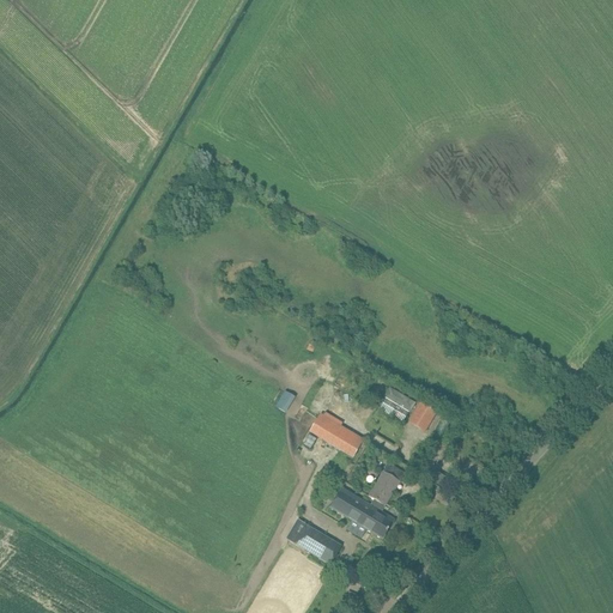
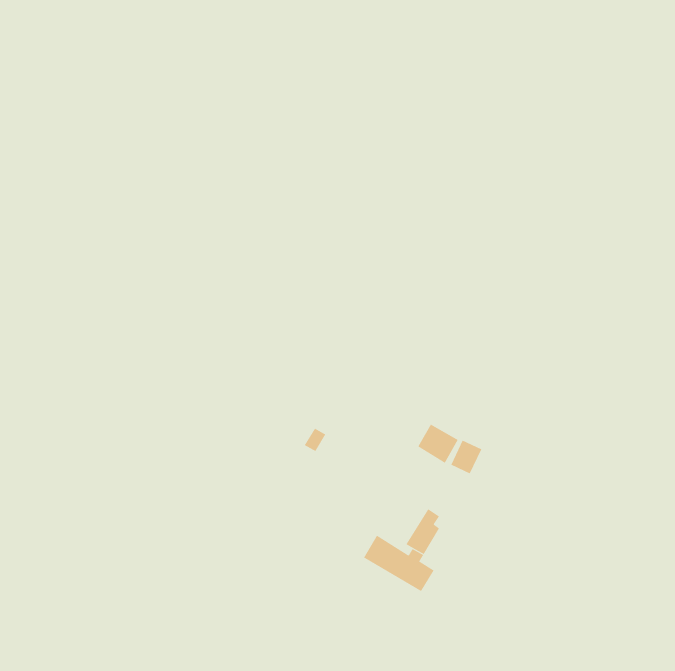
building: [308,411,364,456] -> none
building: [295,523,340,562] -> none

